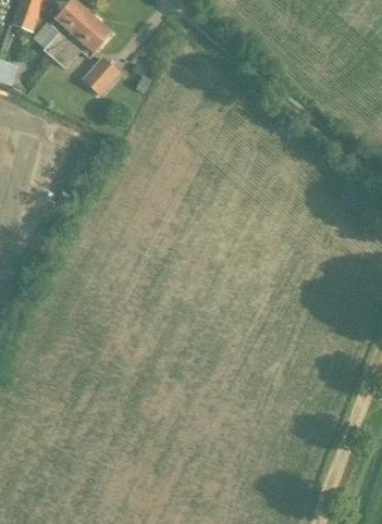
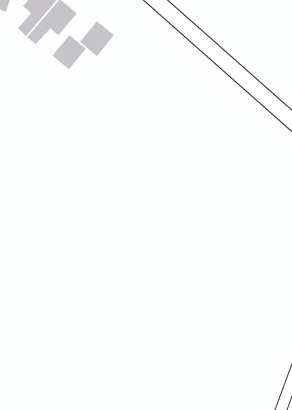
building: none -> [79,20,115,57]

